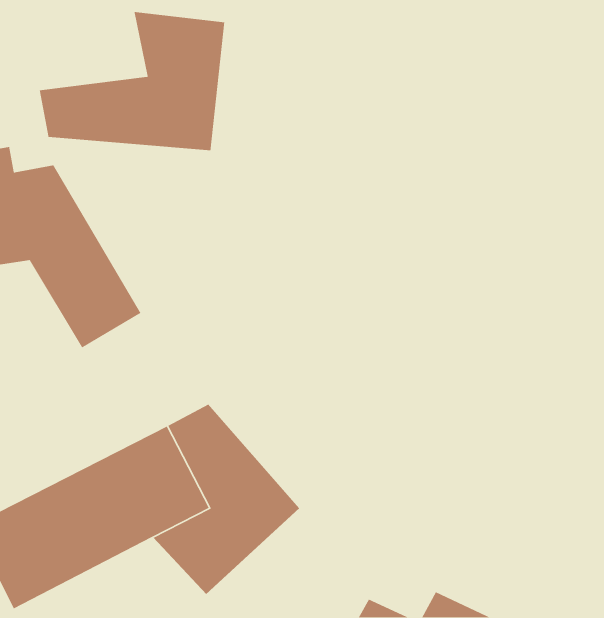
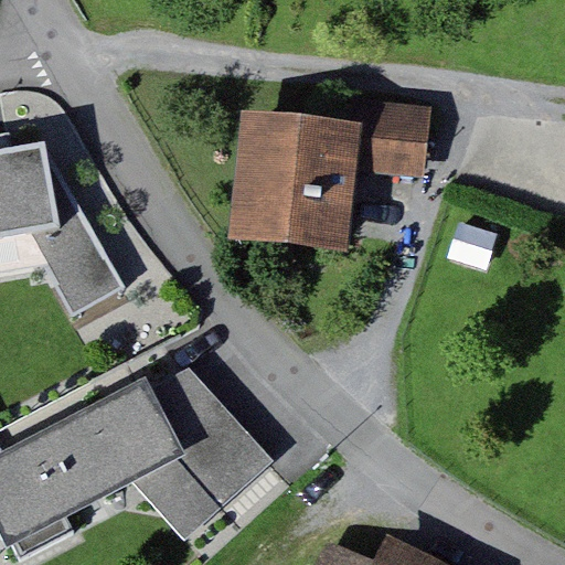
building: [39,11,225,151] -> none
building: none -> [214,100,413,252]

